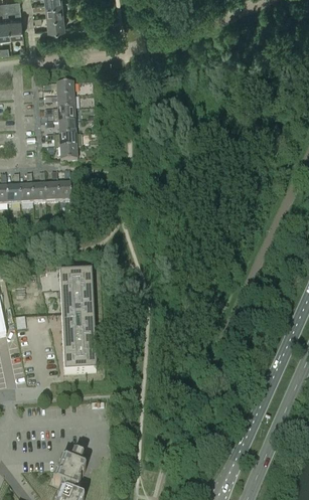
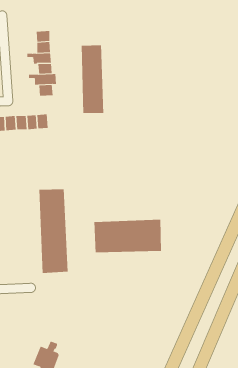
building: none -> [81,44,104,114]
building: none -> [94,219,162,253]

